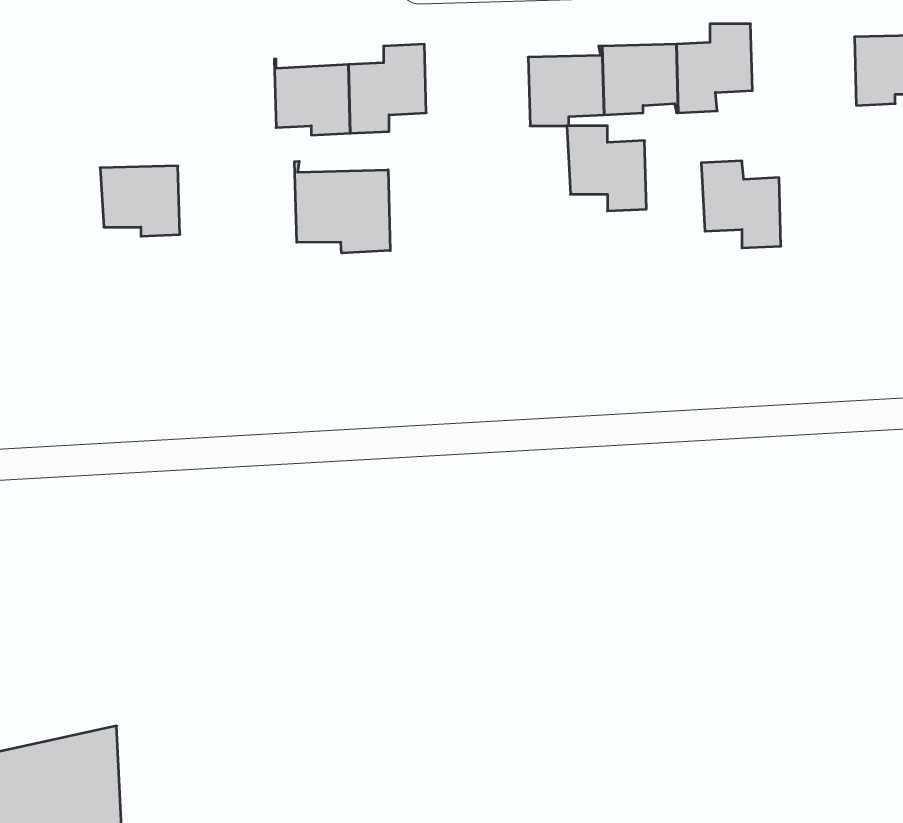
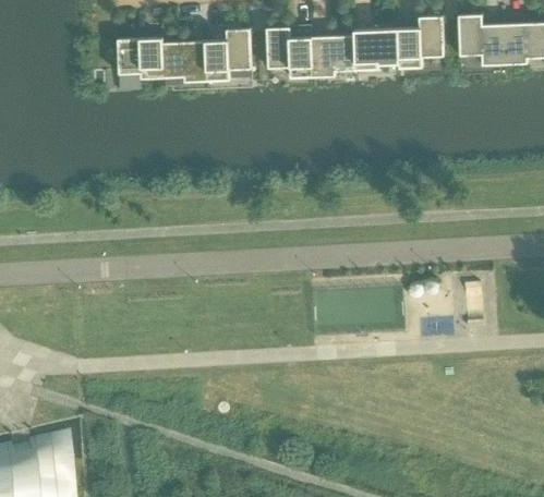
building: [567,126,646,211] -> [266,27,313,77]
building: [701,161,781,248] -> [458,14,505,65]
building: [295,161,390,253] -> none
building: [100,166,180,236] -> [117,37,164,78]

